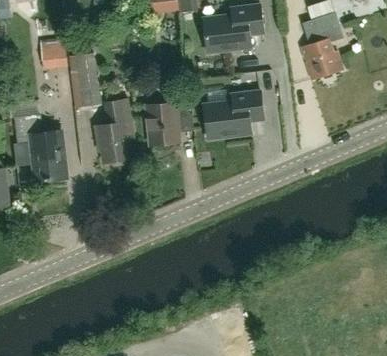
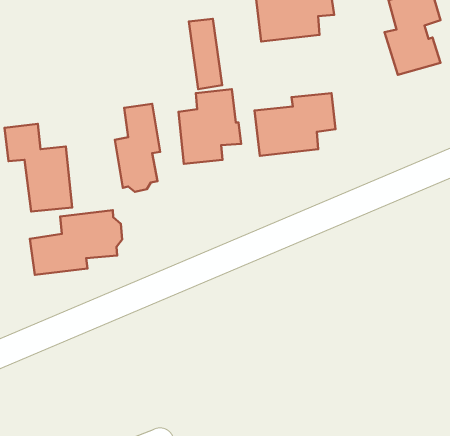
building: [40,44,67,68] -> none
building: [76,52,101,105] -> [189,19,222,89]
building: none -> [30,210,122,275]

